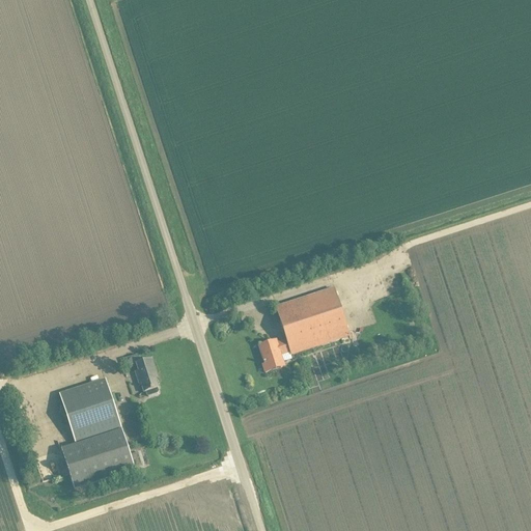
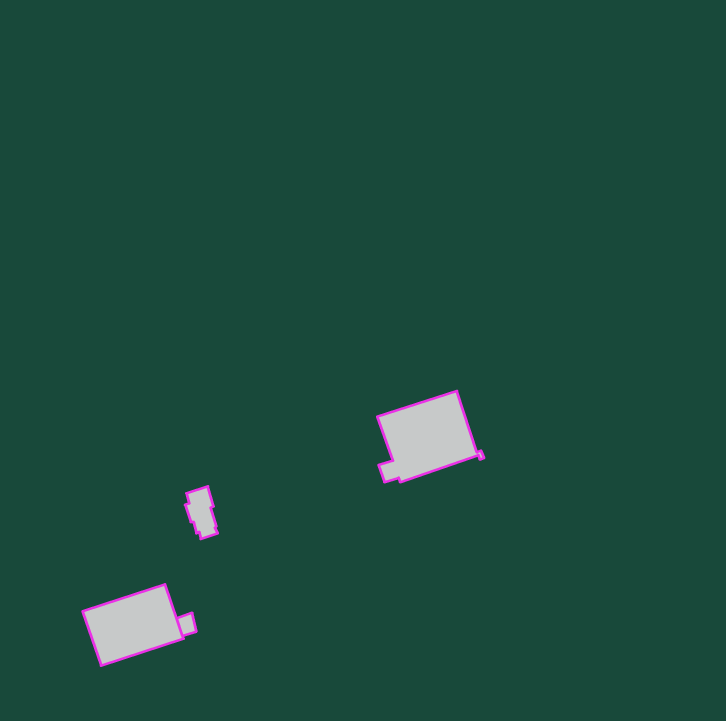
building: [258,337,284,369] -> none
building: [59,376,120,441] -> none

